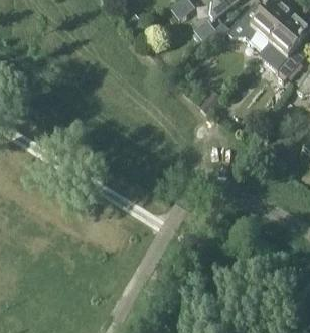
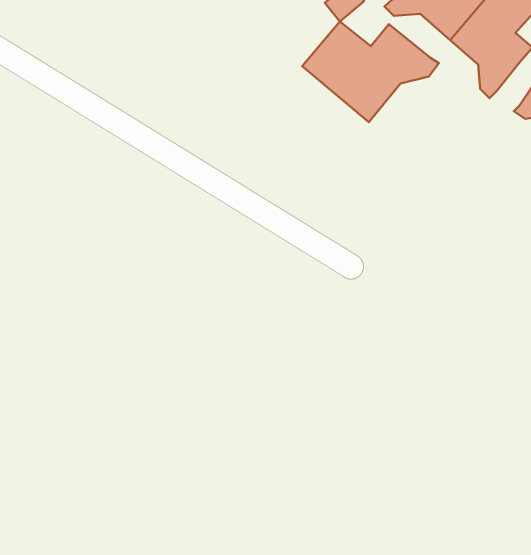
building: none -> [302,21,439,122]

